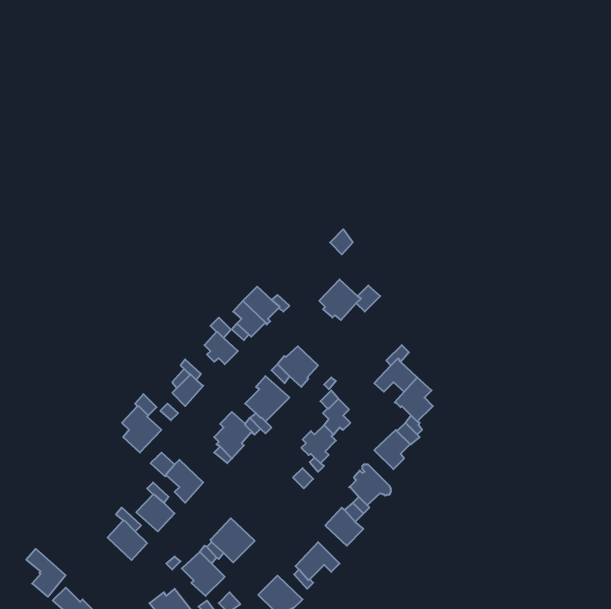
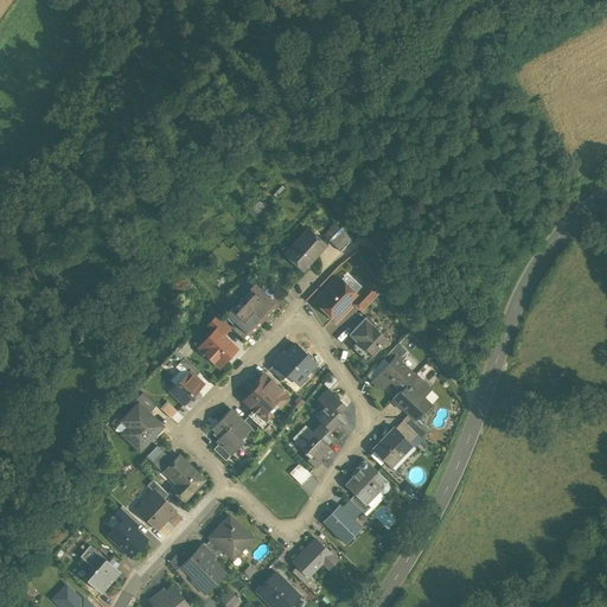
building: none -> [285,230,324,270]
building: none -> [349,319,388,363]
building: [26,549,66,597] -> [79,545,119,593]

